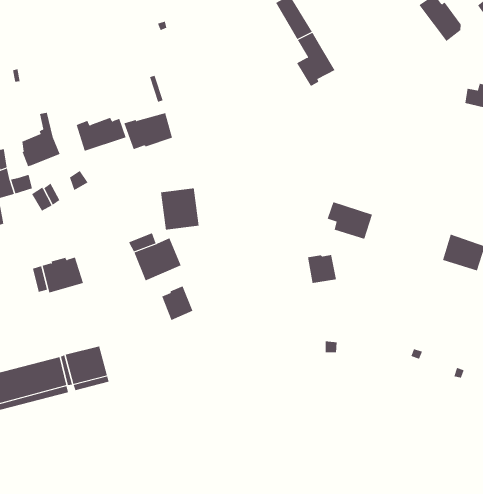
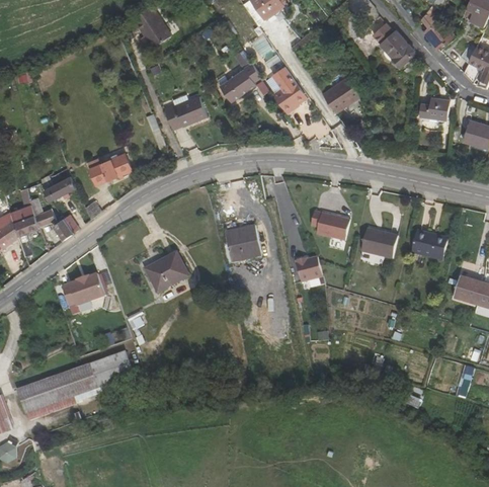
building: none -> [220,61,261,102]
building: none -> [322,76,360,112]
building: [124,112,173,150] -> [163,95,207,130]
building: [160,188,200,230] -> [224,224,260,262]
building: none -> [360,227,397,258]
building: [162,285,193,321] -> none

